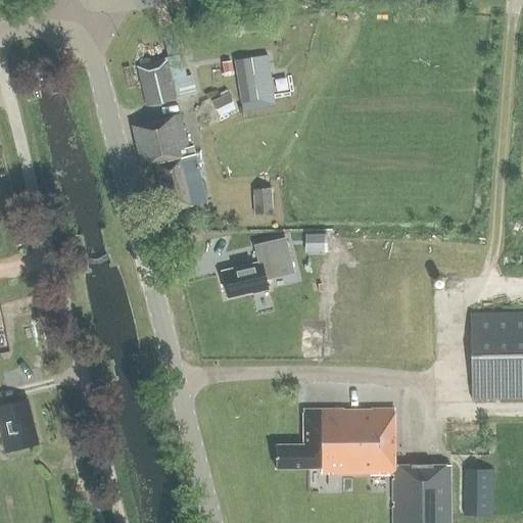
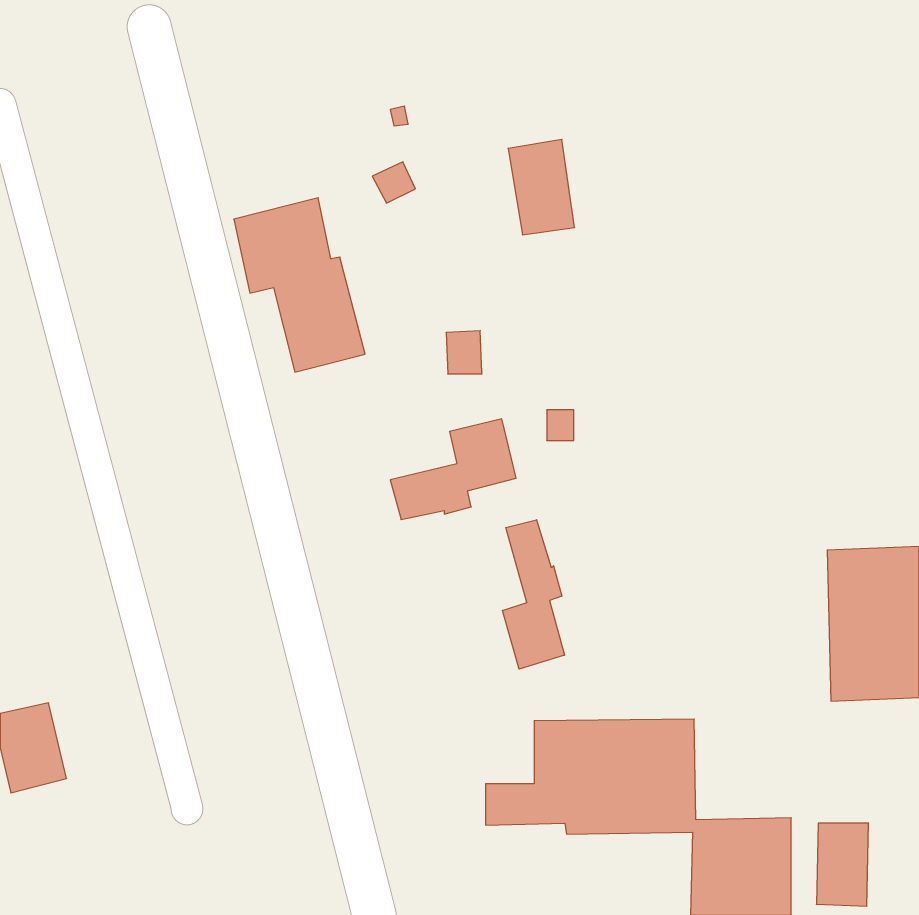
building: [235,54,273,108] -> [508,139,575,235]
building: [139,55,196,104] -> none
building: none -> [502,520,564,669]

